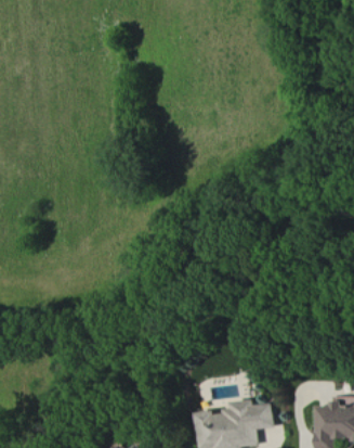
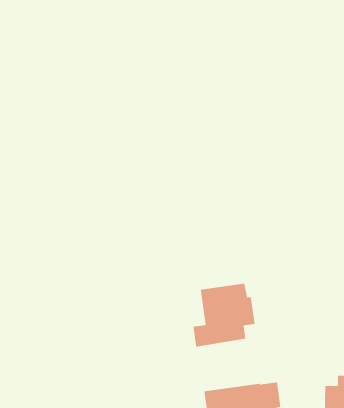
building: none -> [193,283,255,347]

